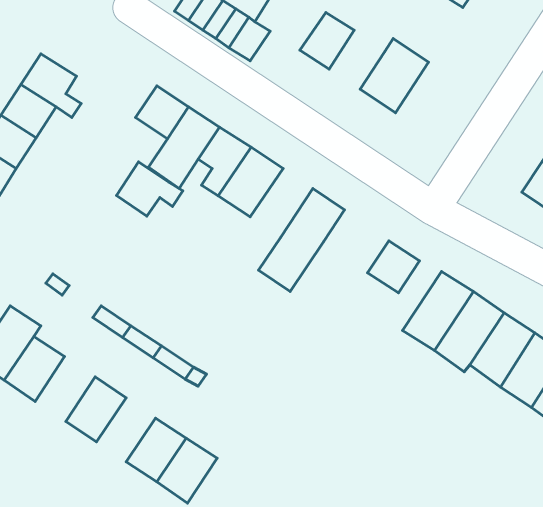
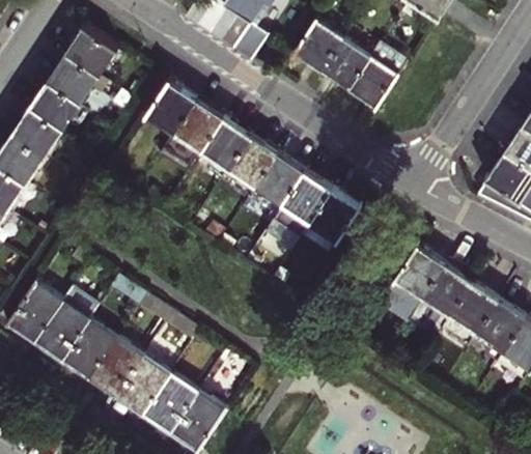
building: none -> [67,27,116,75]
building: none -> [320,34,369,86]
building: [116,162,183,216] -> none
building: none -> [251,155,306,216]
building: [368,241,420,293] -> [315,192,361,237]
building: none -> [62,320,115,377]
building: none -> [116,357,168,413]

